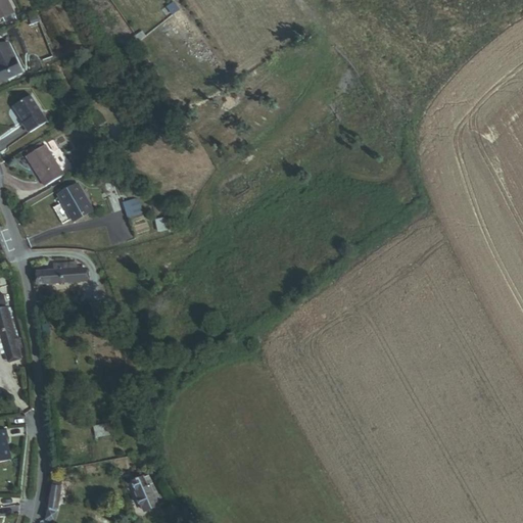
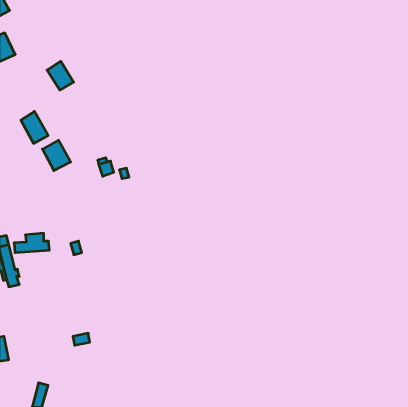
building: [11,92,45,129] -> [47,61,74,90]
building: [38,262,83,286] -> [14,233,49,253]
building: [134,484,160,514] -> none

